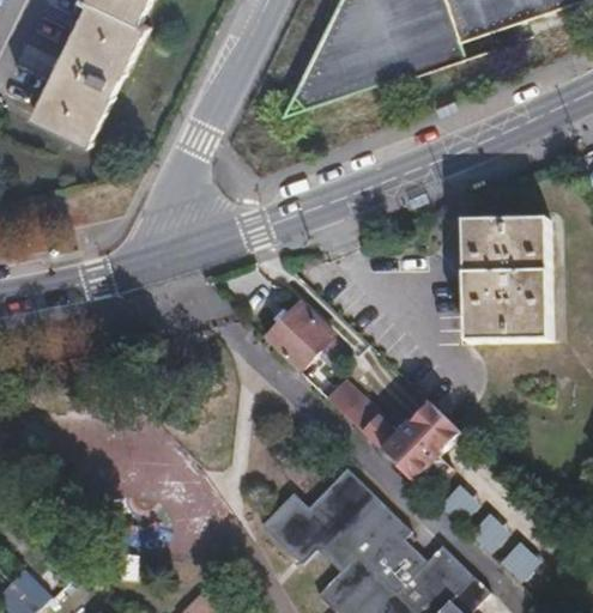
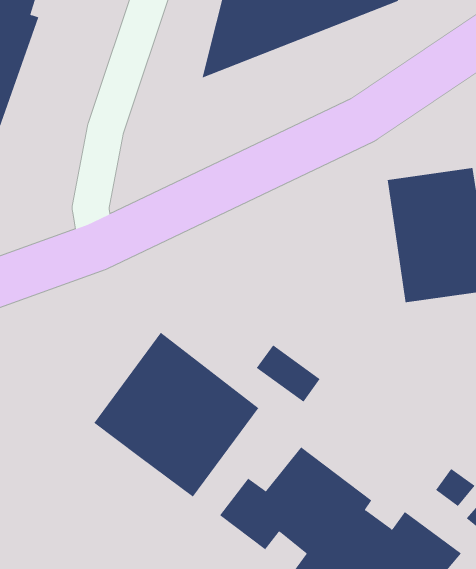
building: [262,303,332,370] -> none
building: none -> [93,332,259,498]
building: [362,401,460,481] -> none

